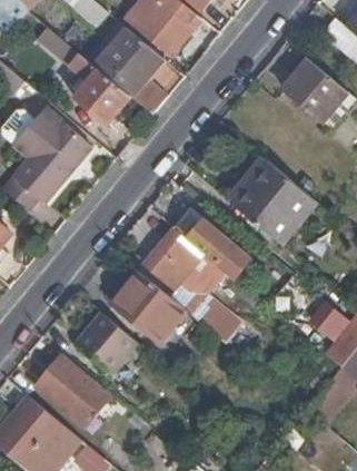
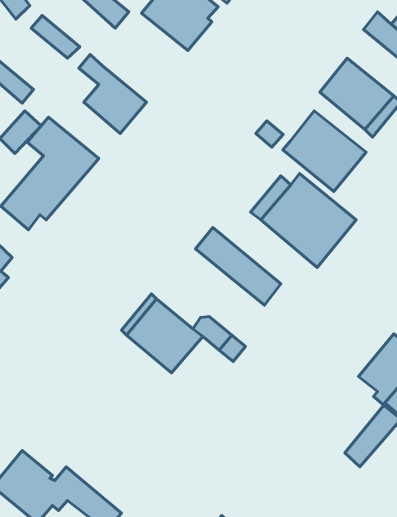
building: [91,27,166,115] -> none
building: none -> [283,111,366,192]
building: [146,228,205,286] -> none
building: [75,312,138,375] -> none
building: [37,357,119,429] -> none

